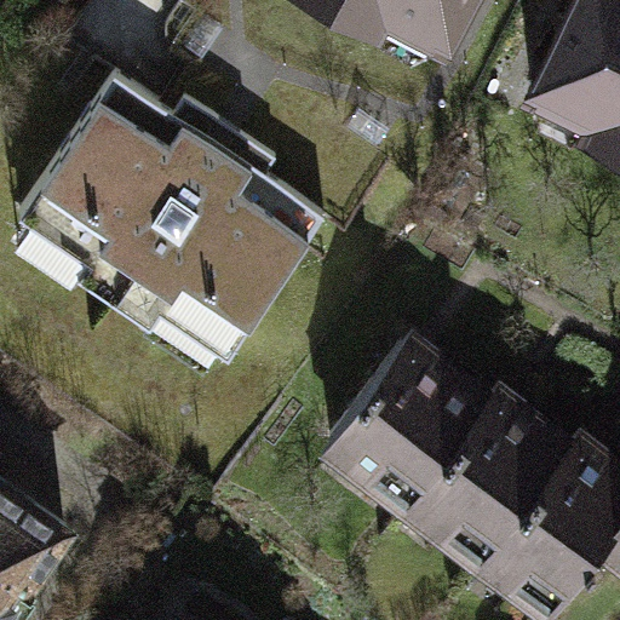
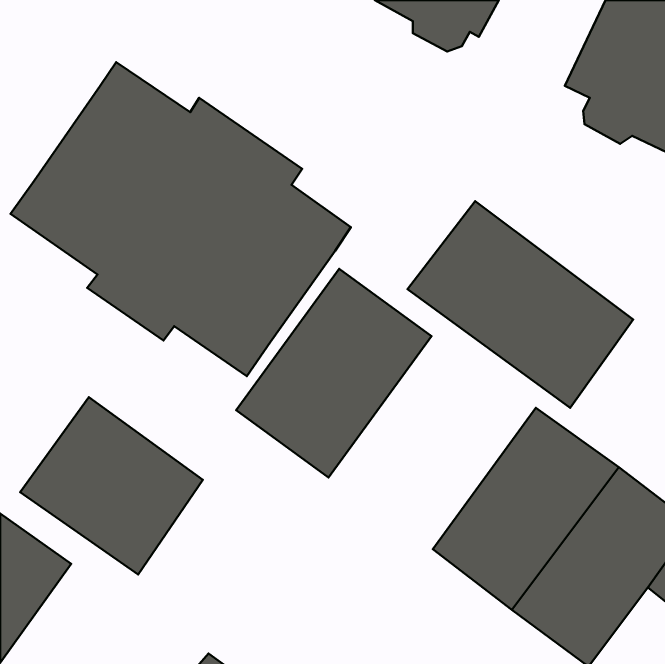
building: none -> [408,201,633,408]
building: [321,322,500,513] -> [236,269,431,477]
building: none -> [20,397,203,574]

